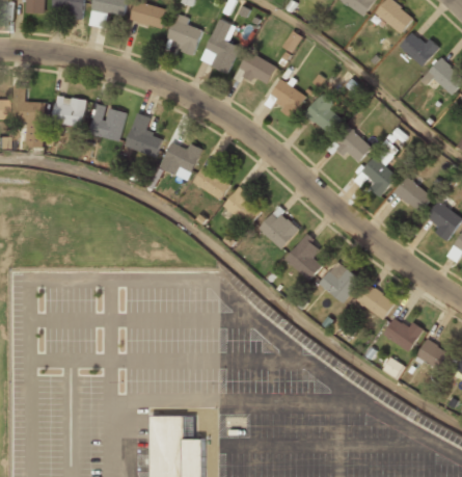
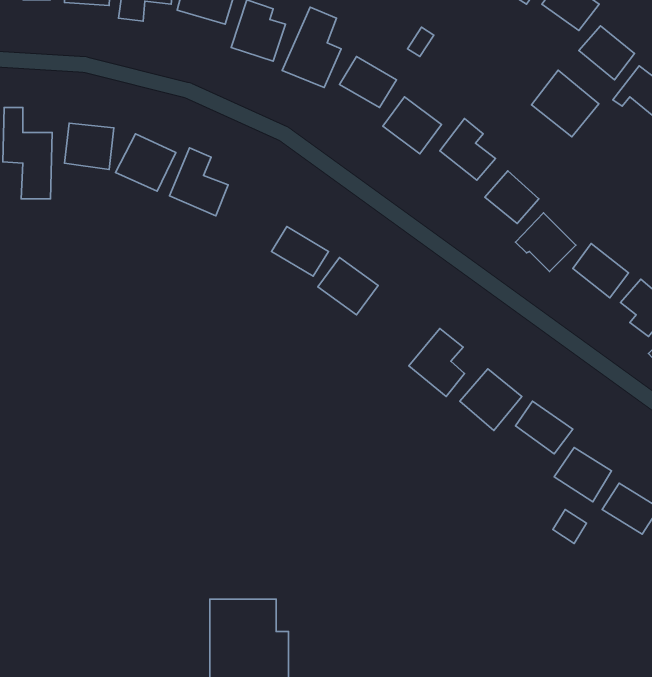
building: none -> [531,70,599,137]
building: [159,142,201,176] -> none
building: [259,207,300,248] -> none

